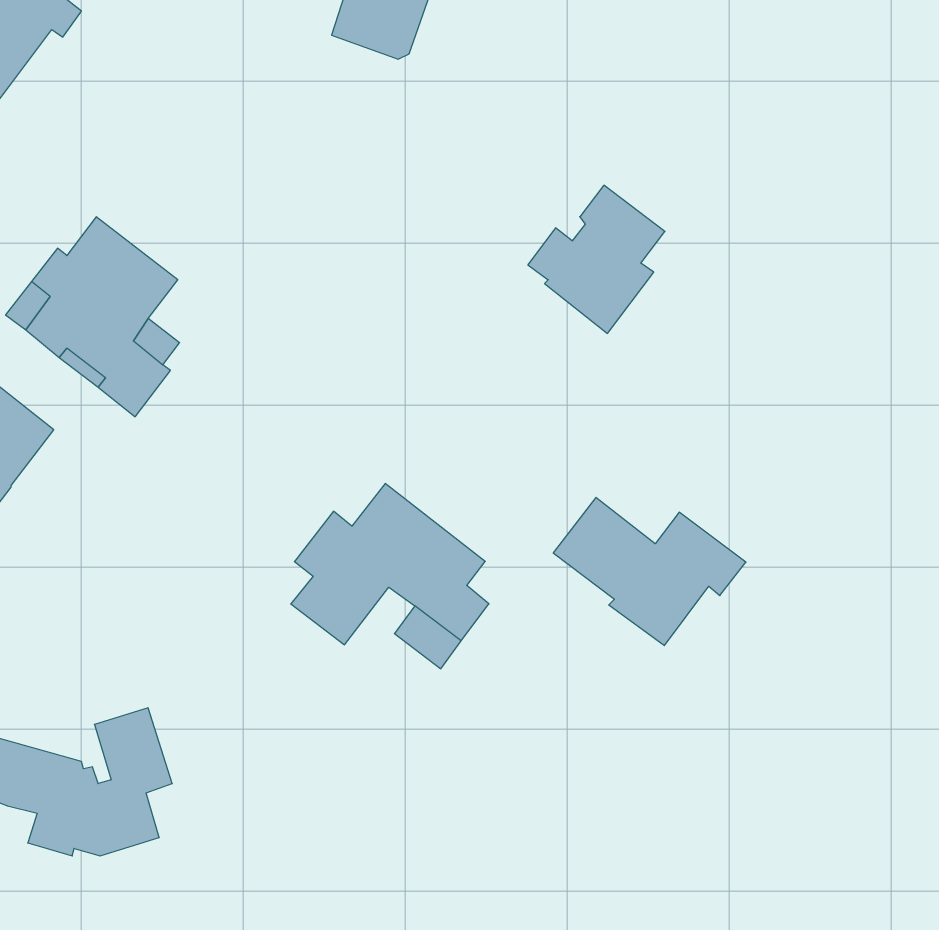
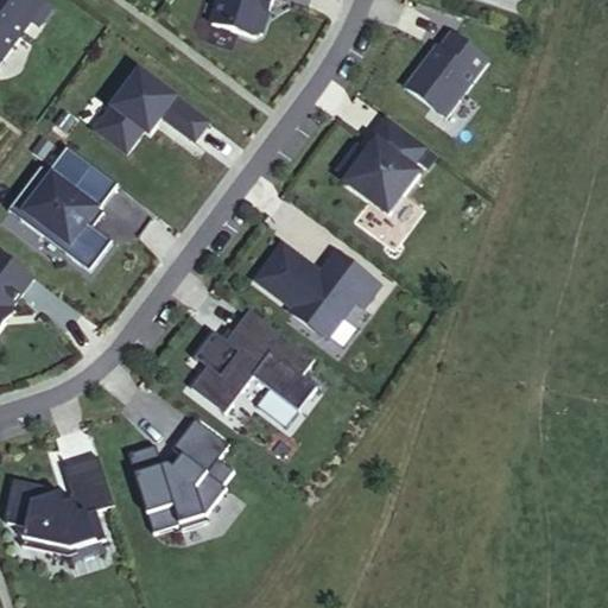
building: none -> [407,34,489,119]
building: none -> [95,69,208,151]
building: [553,497,746,646] -> [254,242,378,337]
building: none -> [124,417,229,530]

